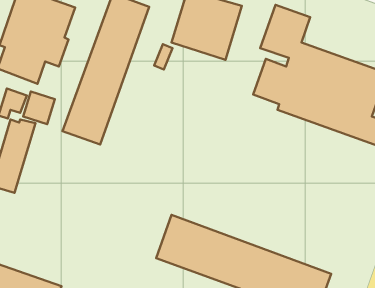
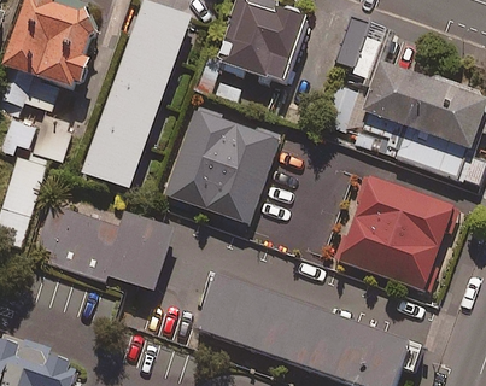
building: none -> [164,105,279,222]
building: none -> [336,172,452,290]
building: none -> [33,201,174,288]

